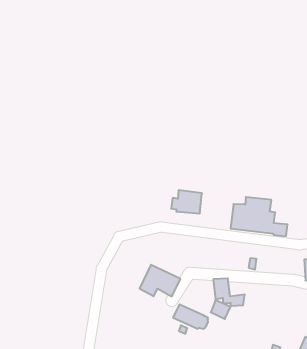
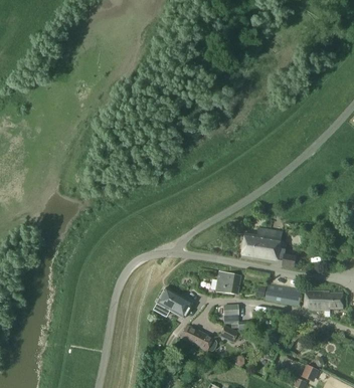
building: [171,190,202,213] -> [210,271,240,295]
building: none -> [264,283,303,307]

